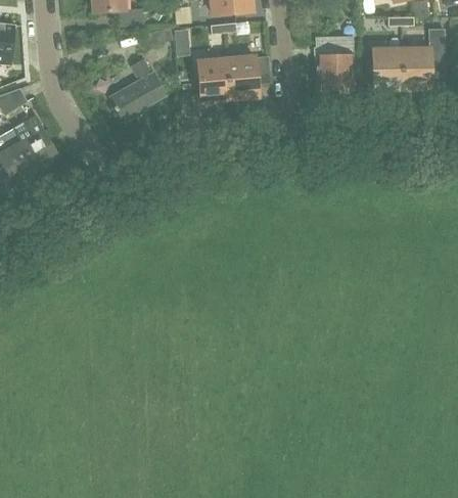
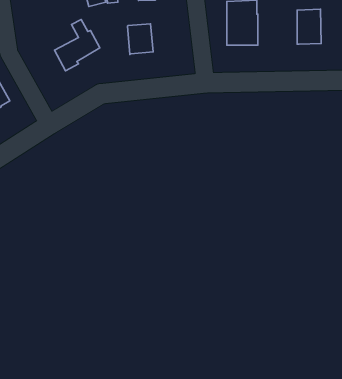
building: [372,47,401,88] -> none
building: [226,61,257,97] -> none

